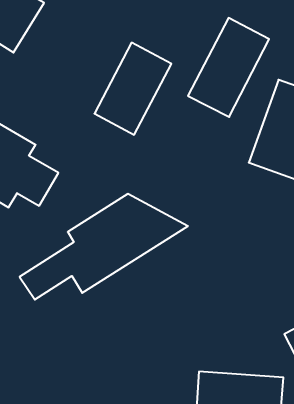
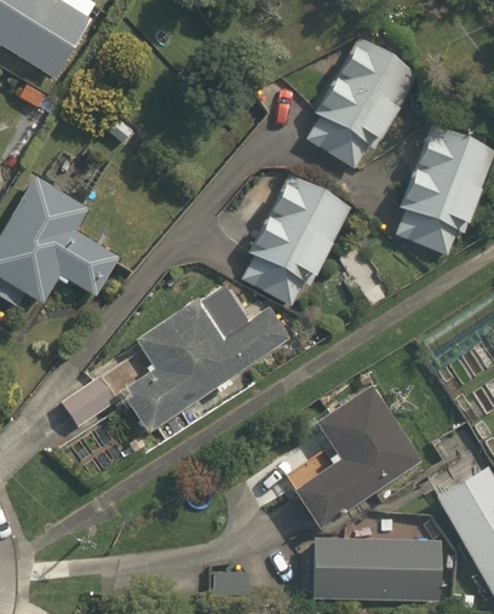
building: [94,43,171,135] -> [240,176,350,308]
building: none -> [294,384,424,526]

